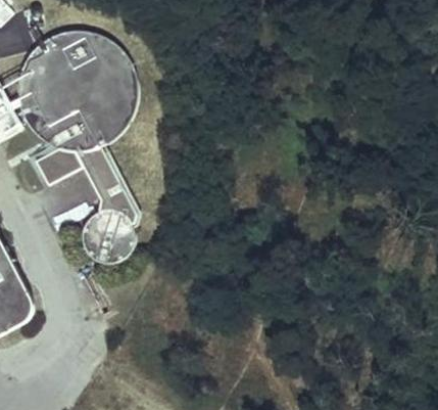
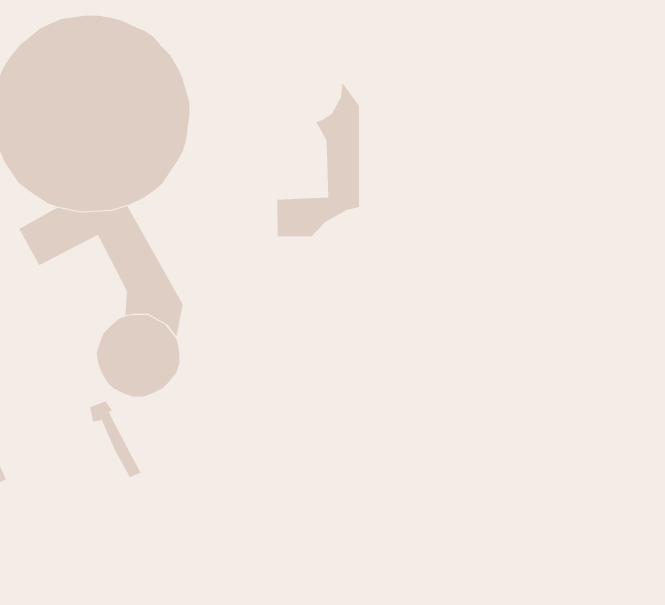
building: none -> [277,82,359,237]

